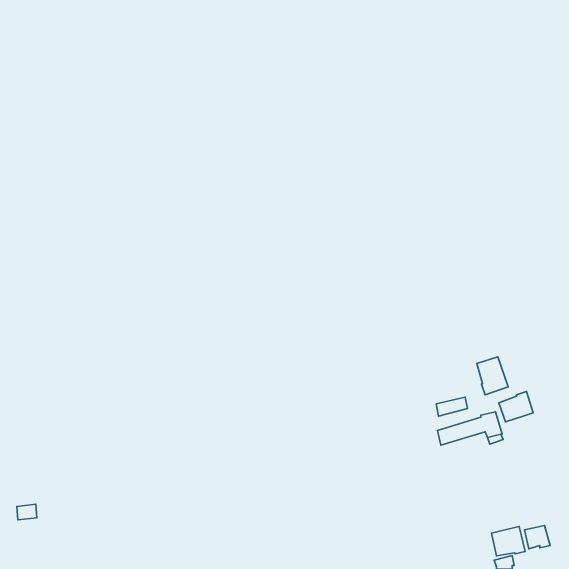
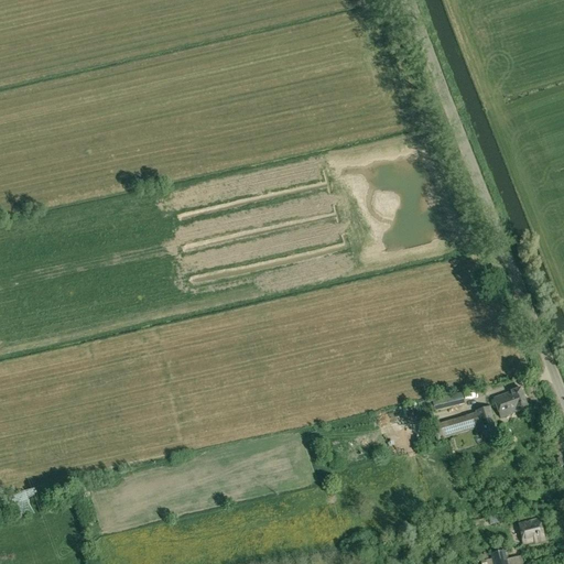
building: [477,357,508,395] -> none
building: [492,527,525,556] -> none

